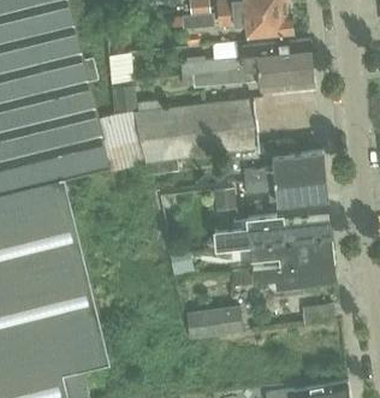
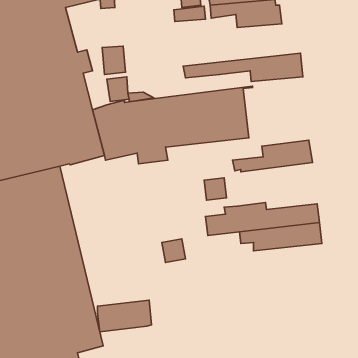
building: [182,40,310,76] -> none
building: [243,174,325,203] -> none
building: [230,257,334,292] -> none
building: [186,305,242,338] -> [97,300,152,332]

